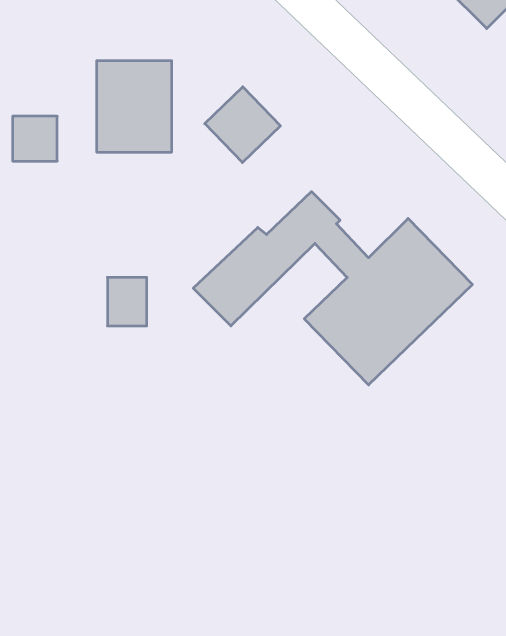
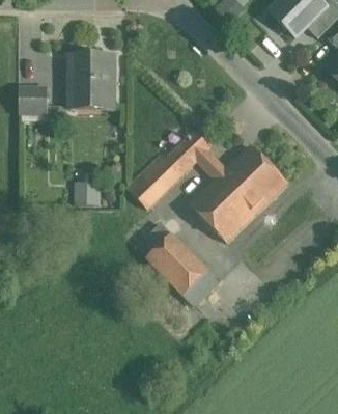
building: [205,87,280,163] -> none
building: none -> [136,223,219,307]

